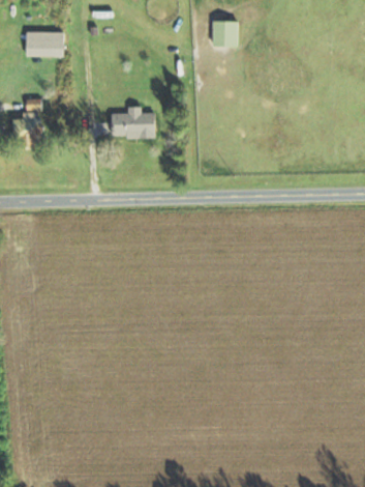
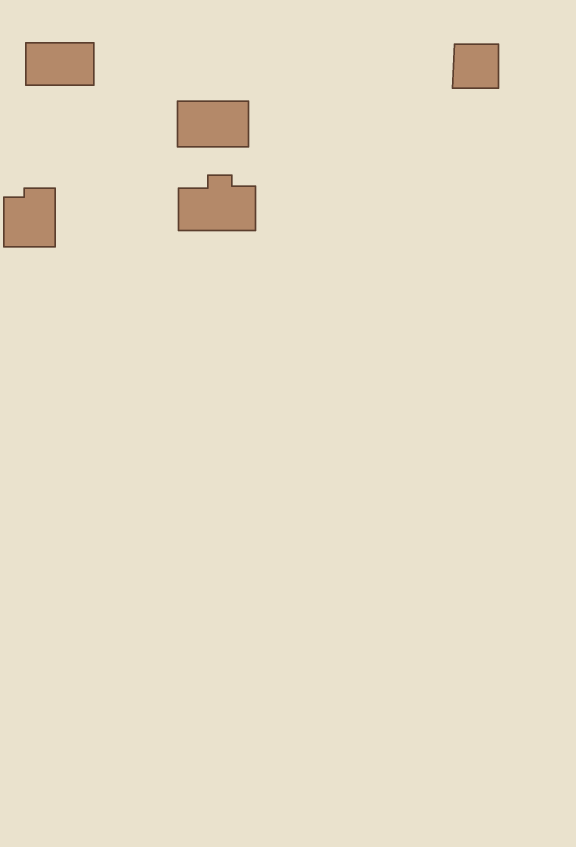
building: [212,21,238,46] -> [453,44,499,88]
building: none -> [177,101,249,147]

